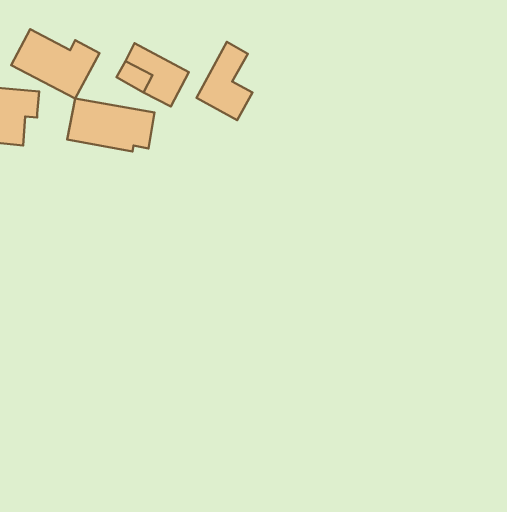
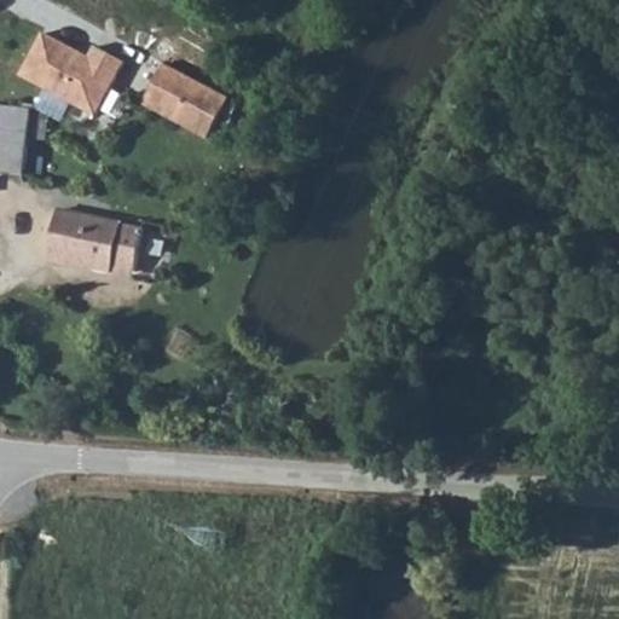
building: [197,42,253,120] -> none
building: [67,98,155,152] -> [42,208,147,272]

